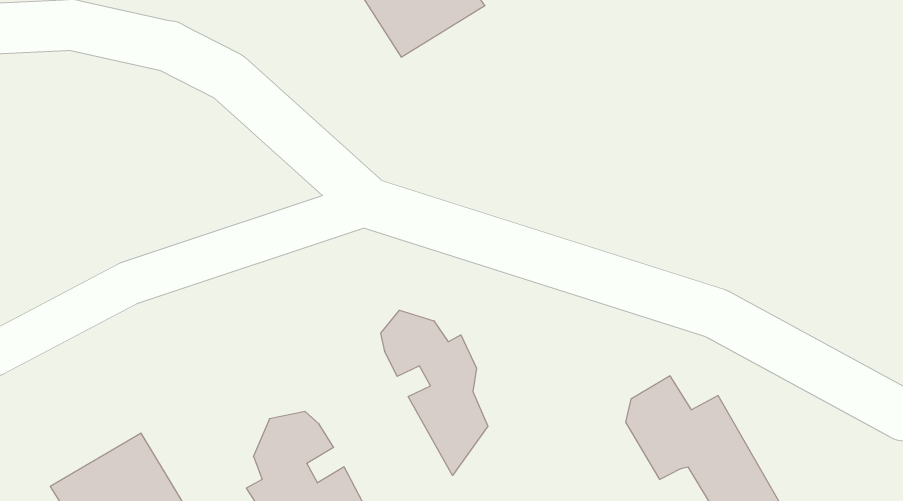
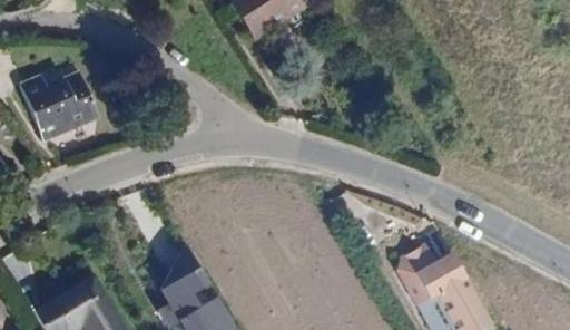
building: none -> [19,69,99,139]
building: [381,310,488,475] -> none

